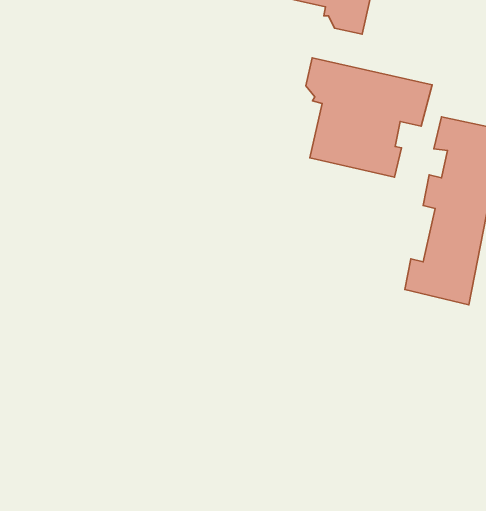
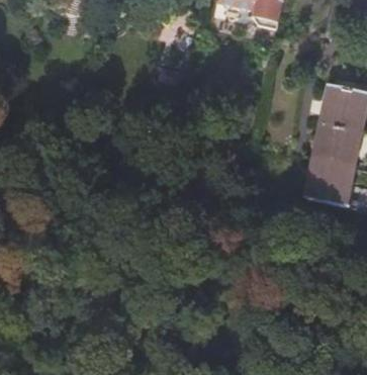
building: [306,58,432,177] -> none

